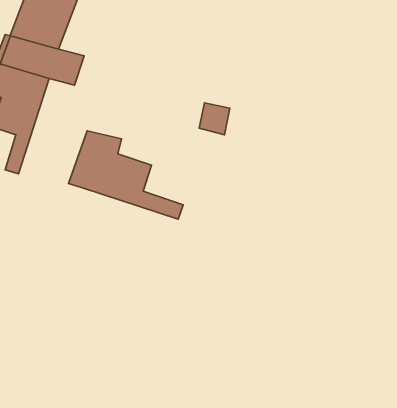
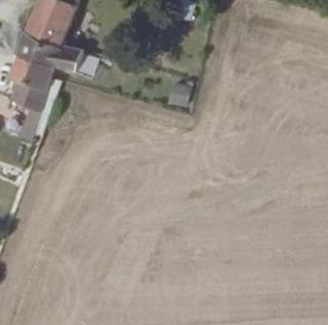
building: [69,131,183,219] -> none

